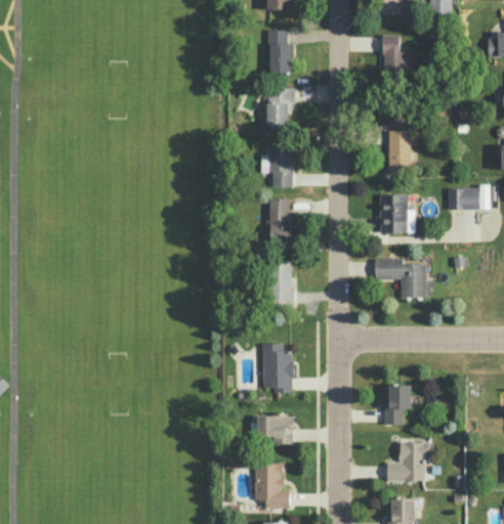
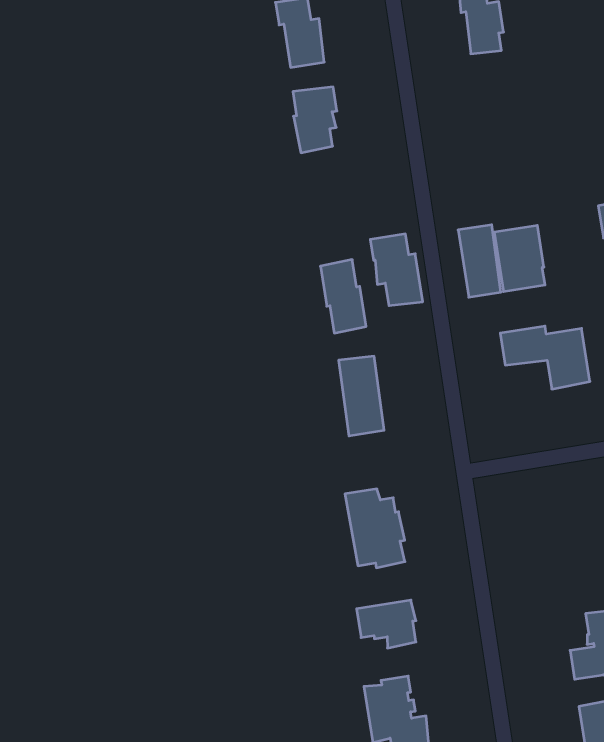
building: [389,129,411,172] -> [458,225,501,297]
building: [268,143,295,187] -> [370,234,423,306]
building: [385,385,411,424] -> none

